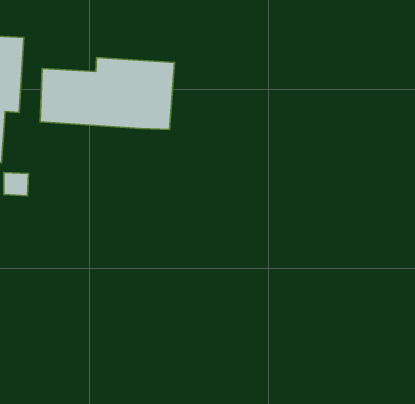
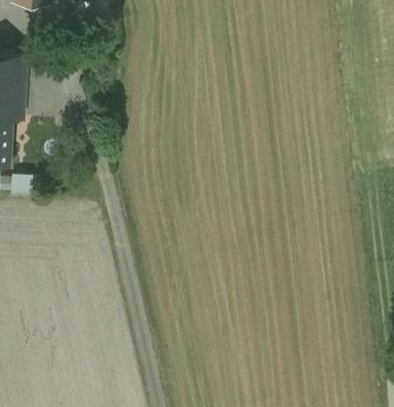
building: [40,58,174,130] -> none

